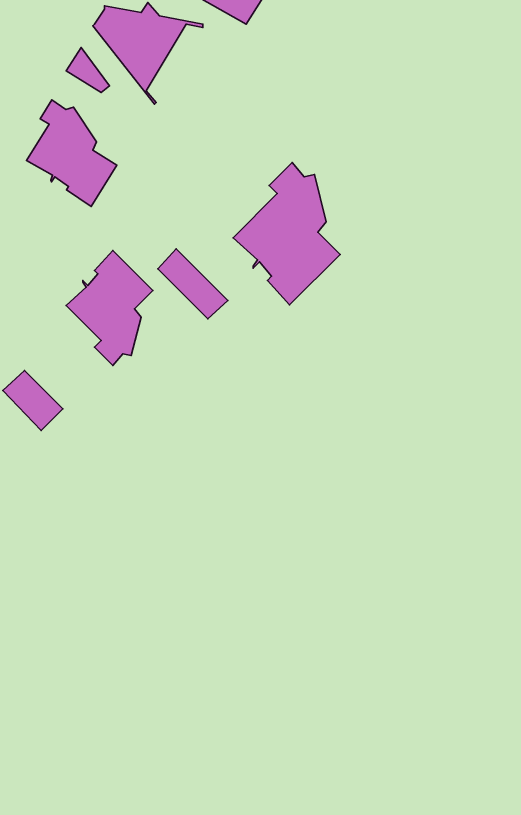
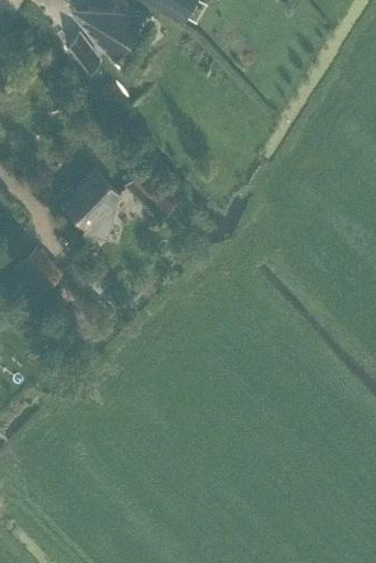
building: [27,100,117,207] -> none
building: [233,162,340,305] -> none

